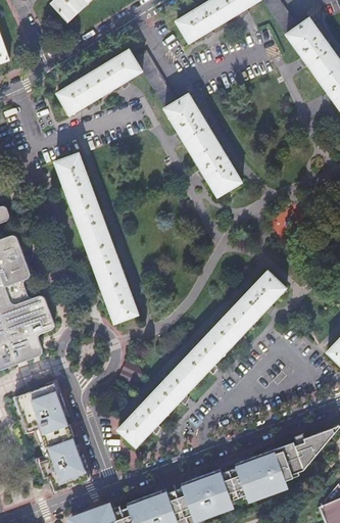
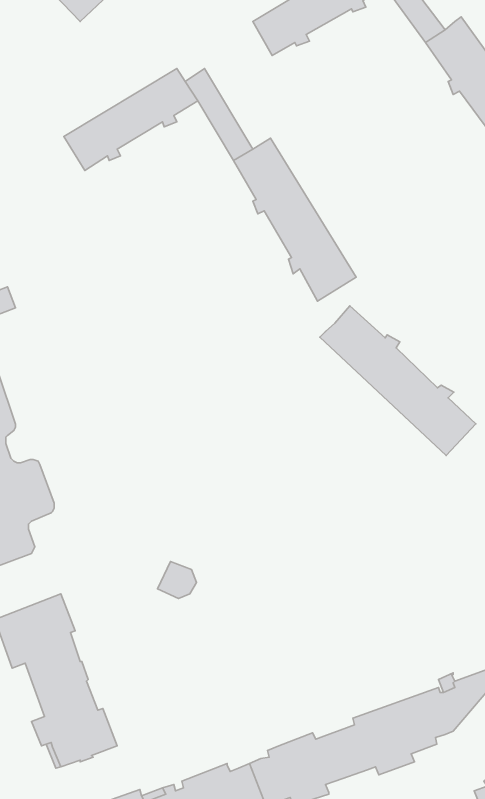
building: [55,153,138,323] -> none
building: none -> [320,306,476,455]
building: [117,271,285,447] -> none

